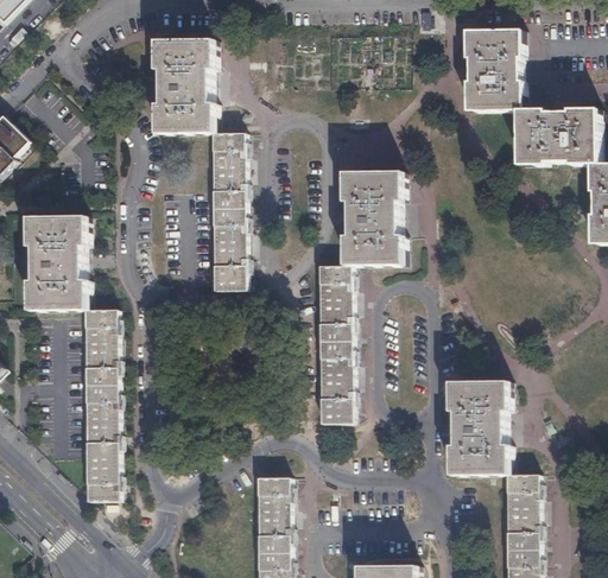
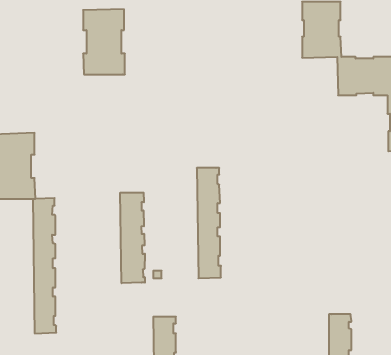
building: [213,133,246,290] -> none
building: [346,172,405,266] -> none
building: none -> [120,193,145,283]
building: [450,381,509,475] -> none

